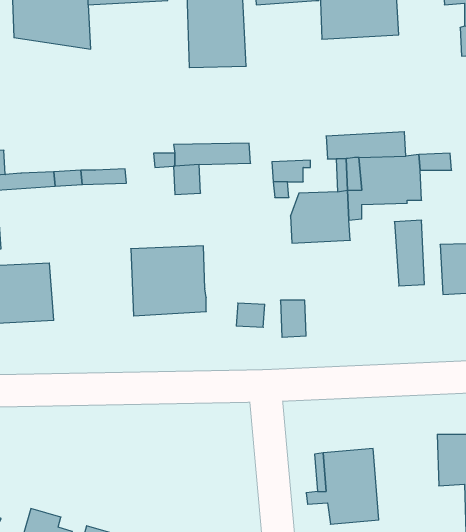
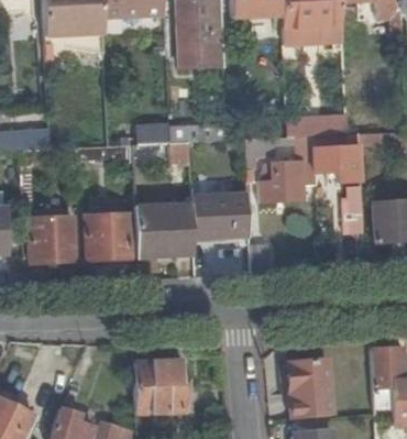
building: none -> [193,194,251,237]
building: none -> [87,215,133,260]
building: none -> [135,361,186,413]

